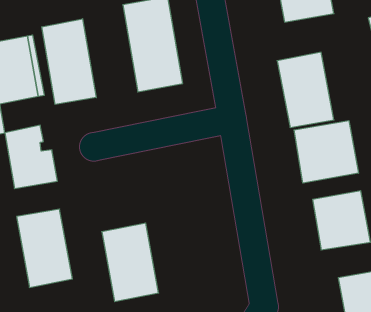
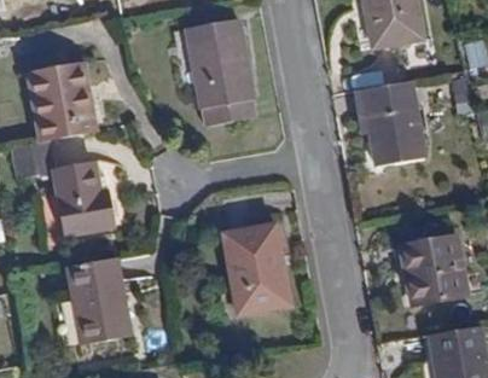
building: [42,19,96,104] -> none
building: [294,121,358,183] -> none
building: [102,223,159,302] -> [225,223,289,312]

